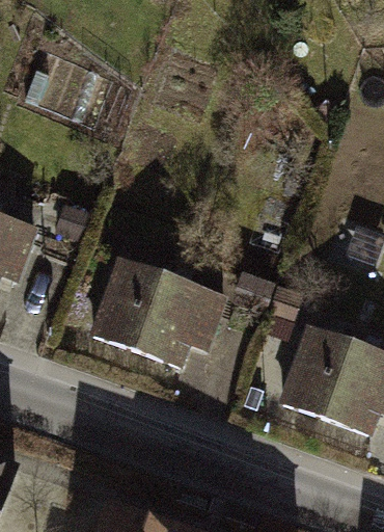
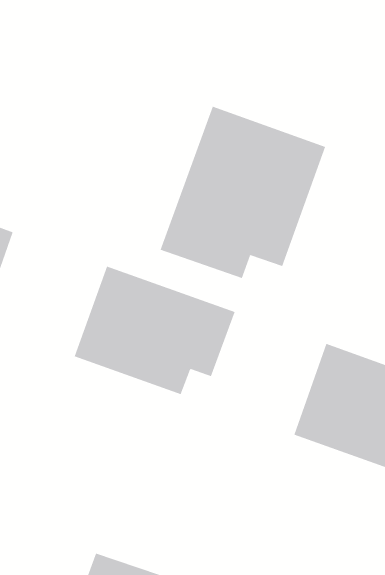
building: none -> [160,106,326,279]

